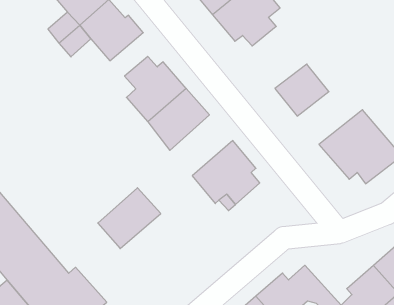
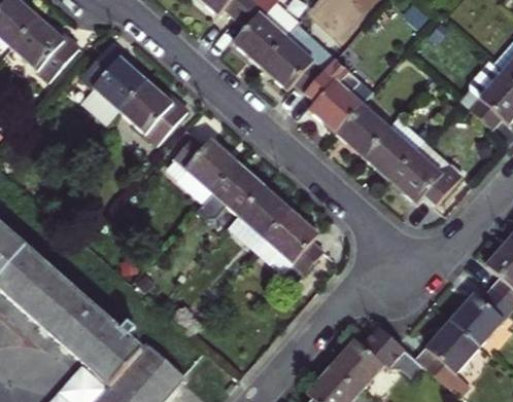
building: none -> [296,61,374,138]
building: none -> [352,127,418,188]
building: [98,188,161,249] -> [228,175,290,240]

